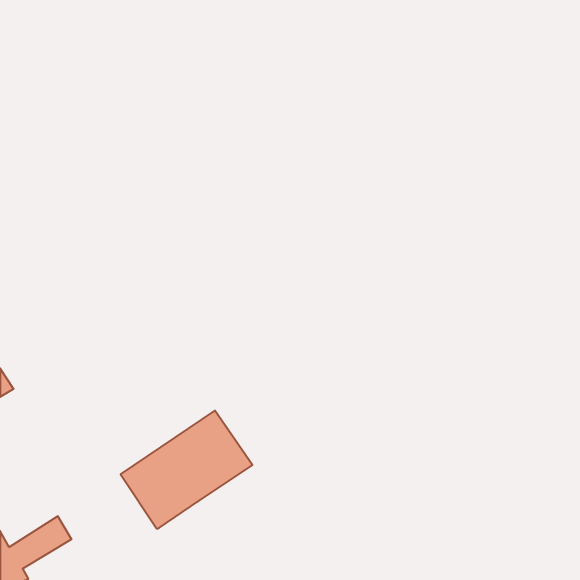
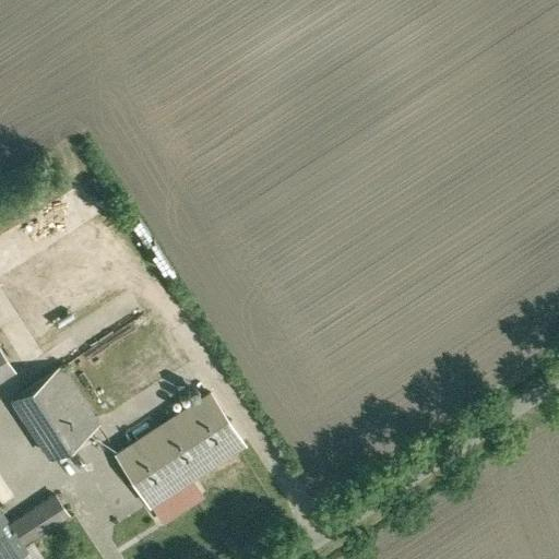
building: none -> [10,370,96,459]
building: none -> [154,483,202,525]

